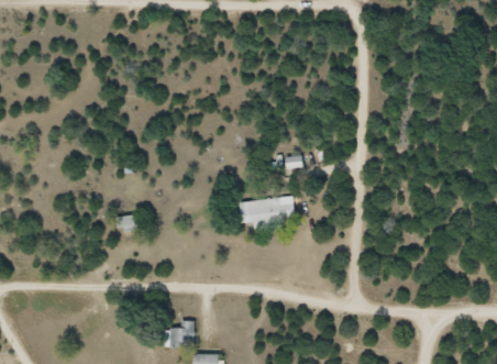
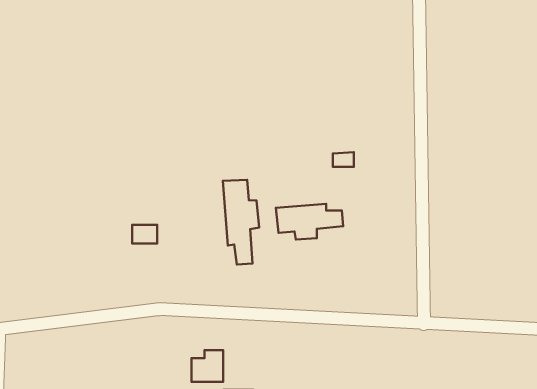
building: none -> [223,180,259,265]

